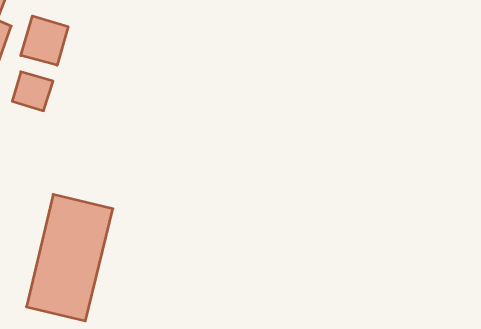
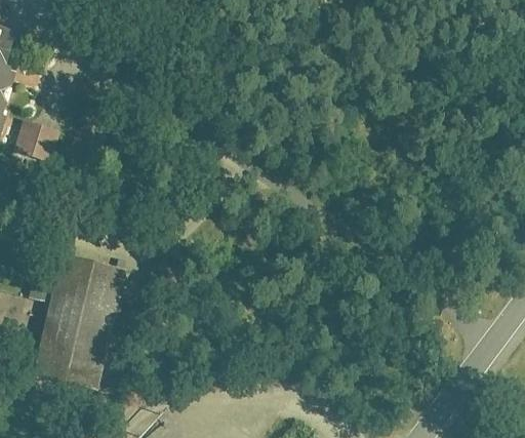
building: [21,16,68,65] -> none

